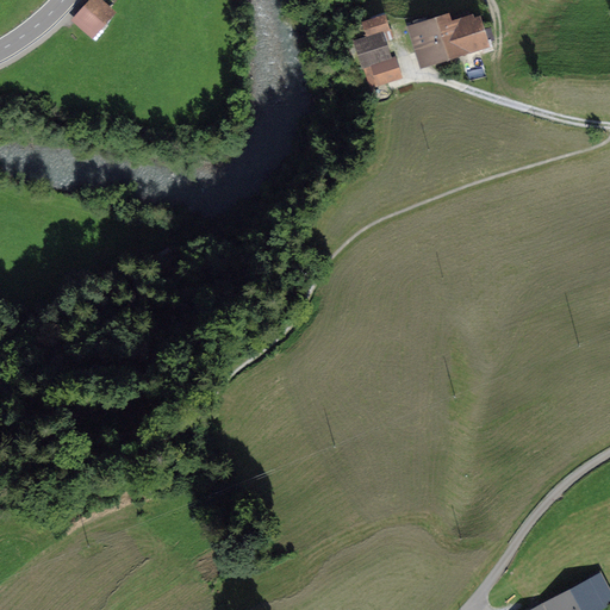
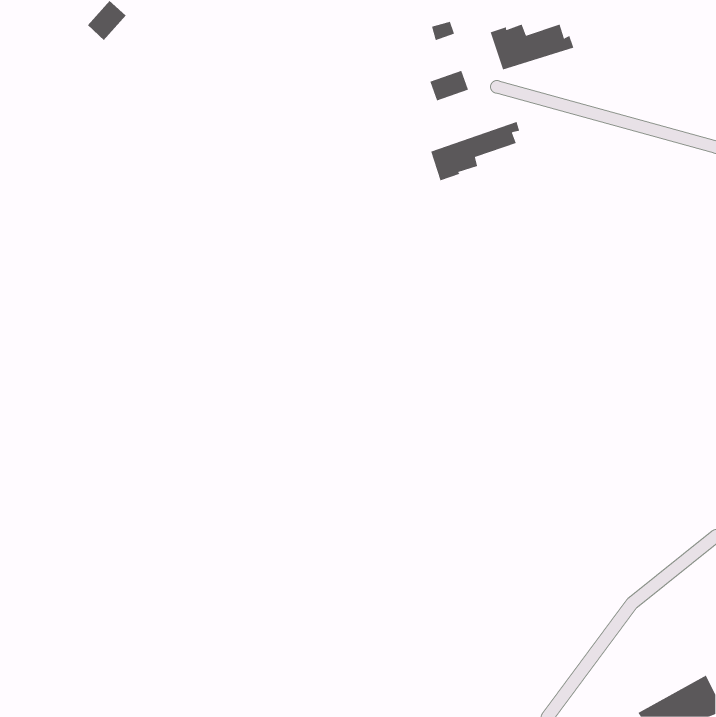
building: [357,35,387,64] -> none
building: none -> [431,121,520,181]

